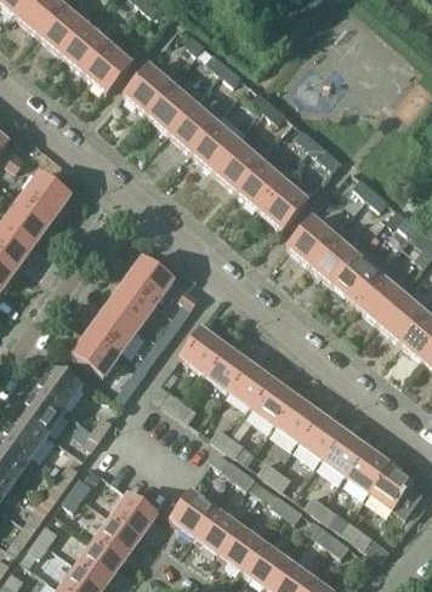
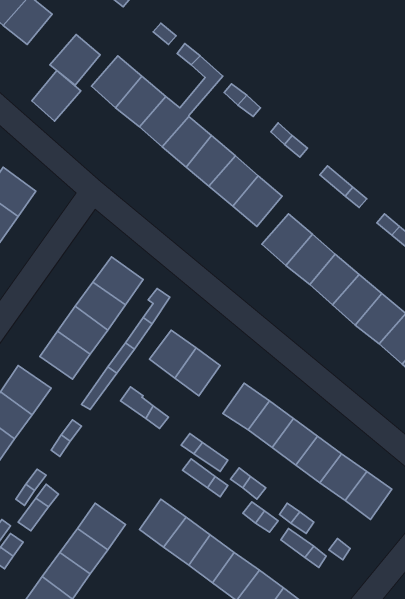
building: [62,23,109,72] -> [32,71,81,121]
building: [227,360,271,406] -> none

